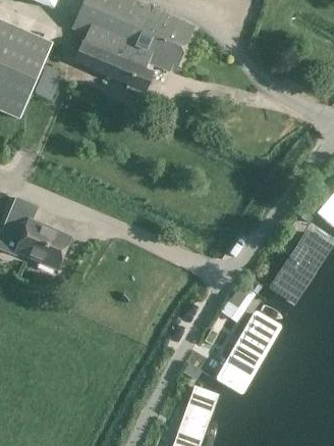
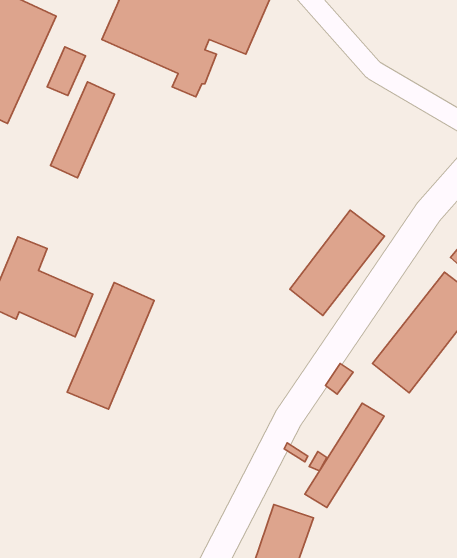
building: none -> [51,82,115,178]
building: none -> [290,210,384,315]
building: none -> [67,283,154,409]

